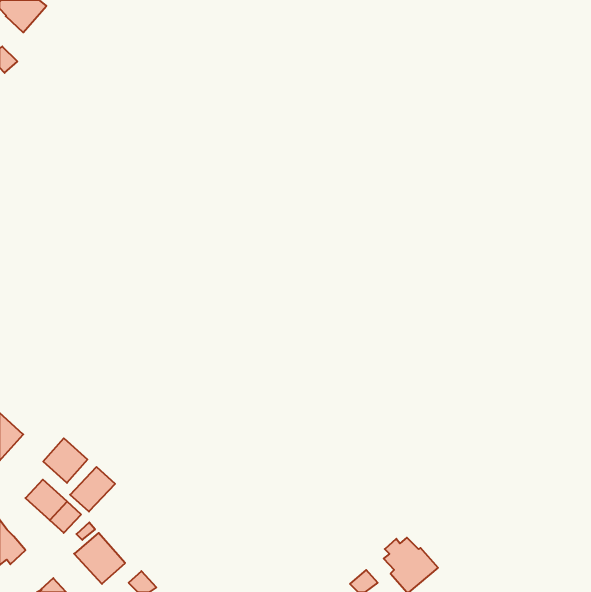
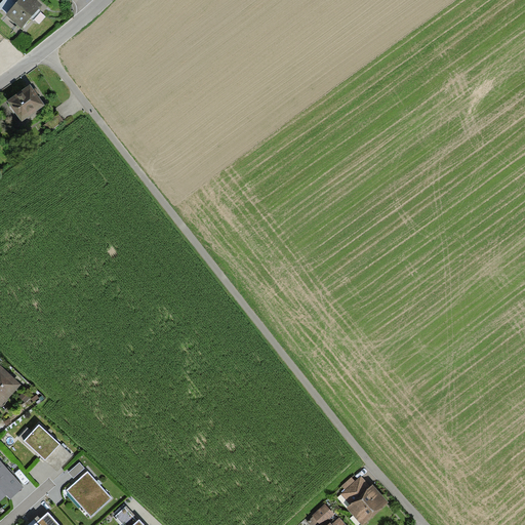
building: none -> [5,84,44,122]
building: [43,438,87,483] -> none
building: [70,467,115,512] -> none

